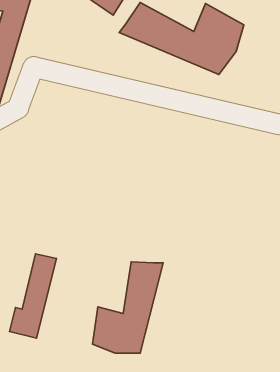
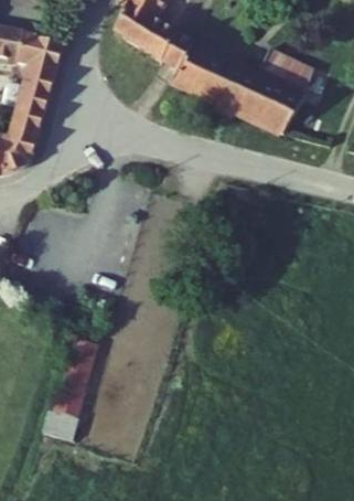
building: [92,262,163,353] -> none

